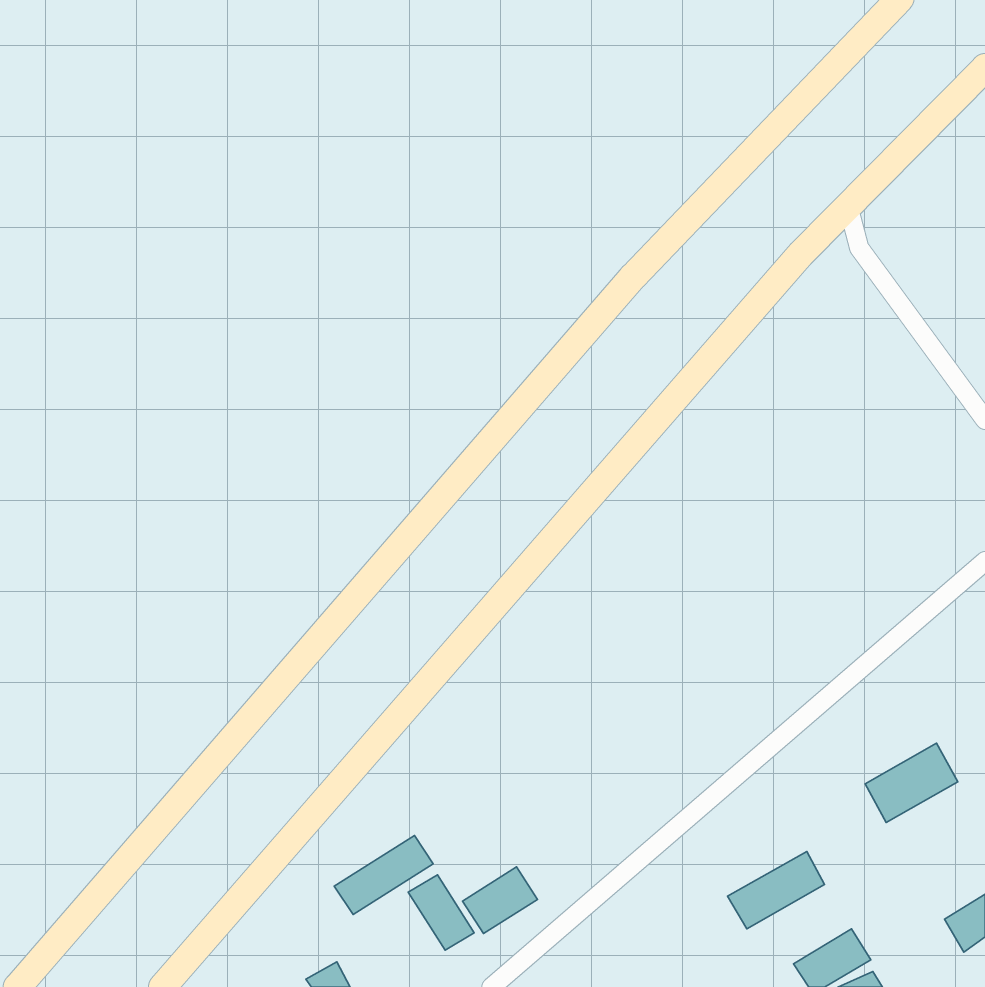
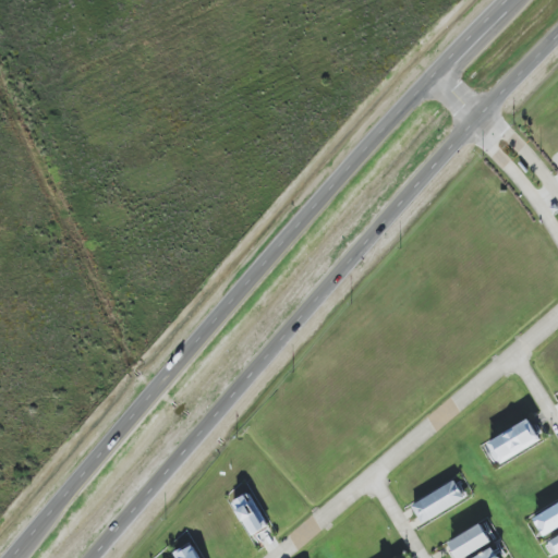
building: [334,835,433,915] -> none
building: [462,867,537,934] -> none

